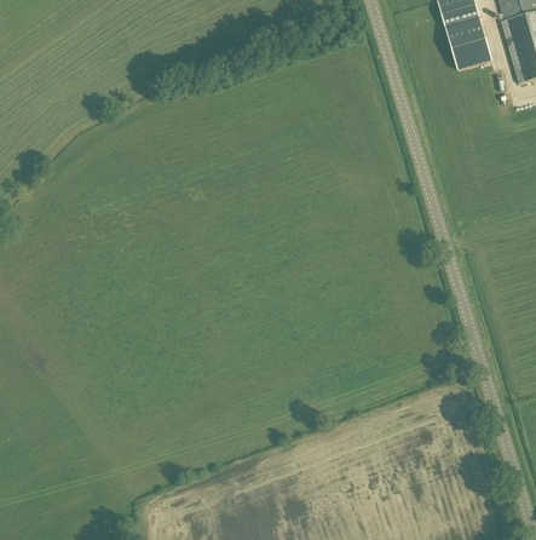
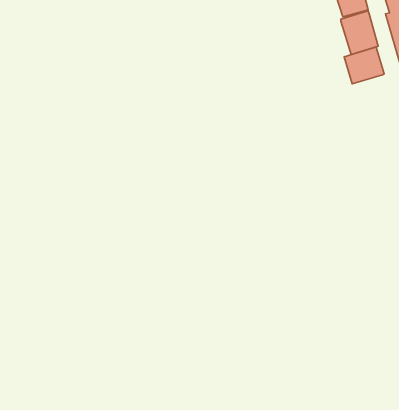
building: none -> [344,47,384,84]

